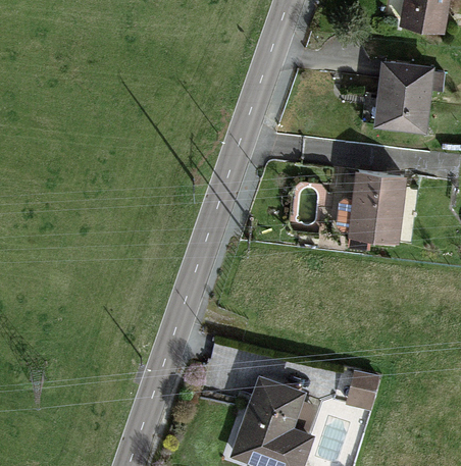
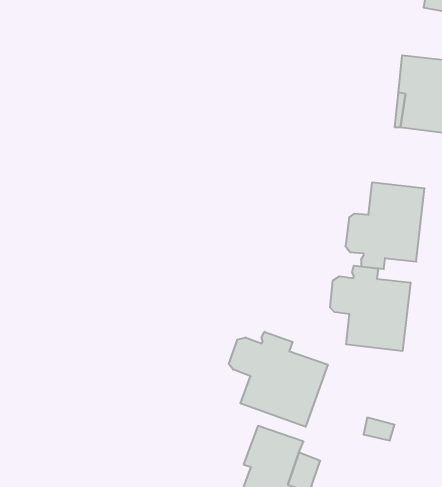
building: none -> [330,266,410,351]
building: none -> [229,332,328,427]

